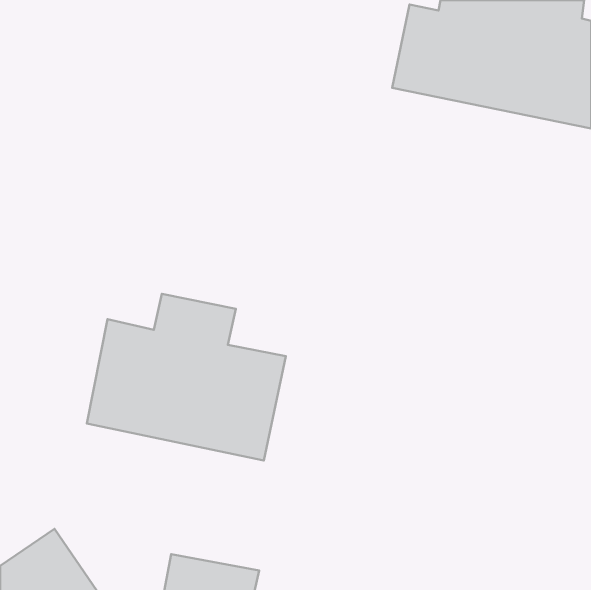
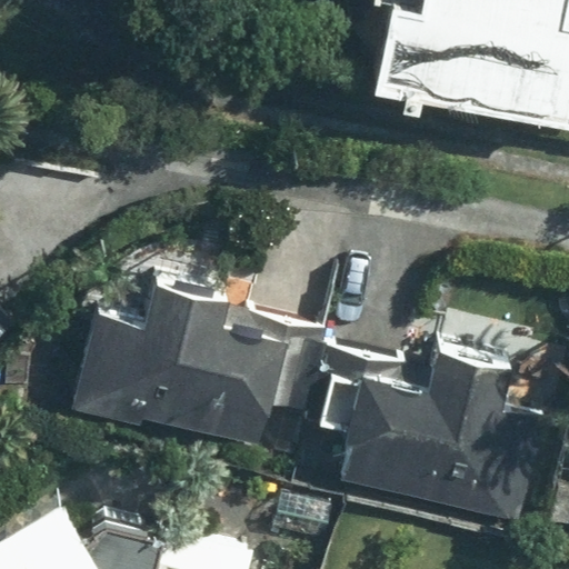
building: none -> [341,346,542,519]

